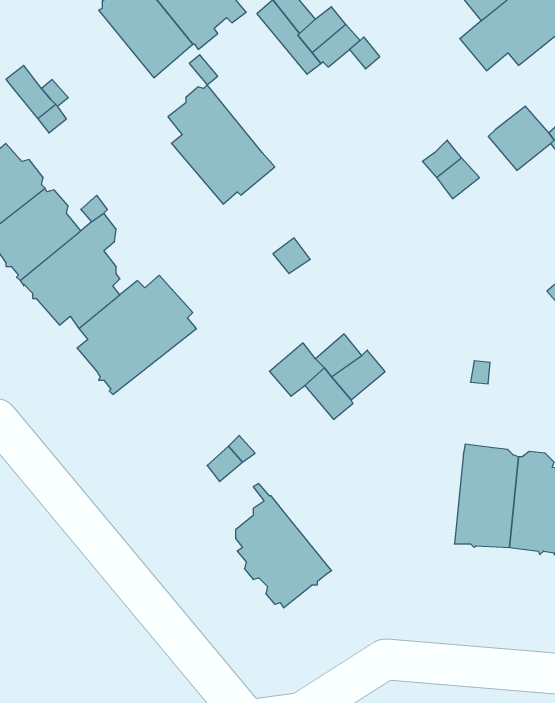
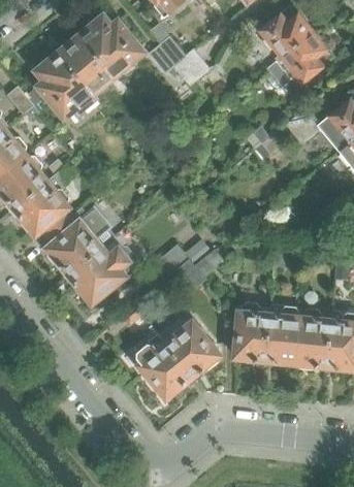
building: [168,85,275,204] -> [35,52,97,121]
building: none -> [66,236,137,303]
building: none -> [233,301,269,361]
building: none -> [166,316,219,377]

